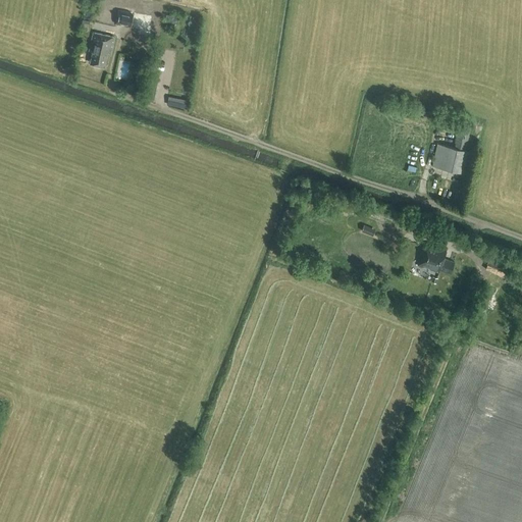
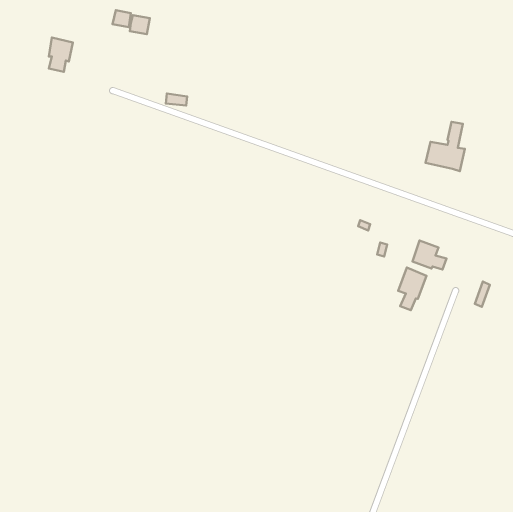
building: [89,34,113,68] -> [49,37,73,72]
building: none -> [398,268,426,310]

